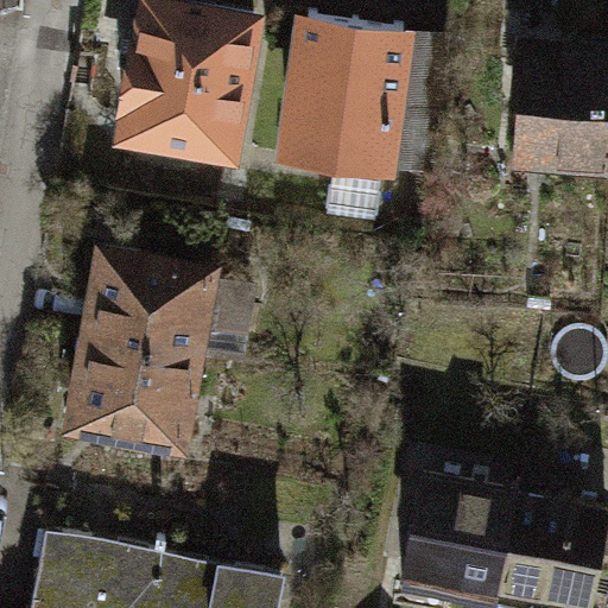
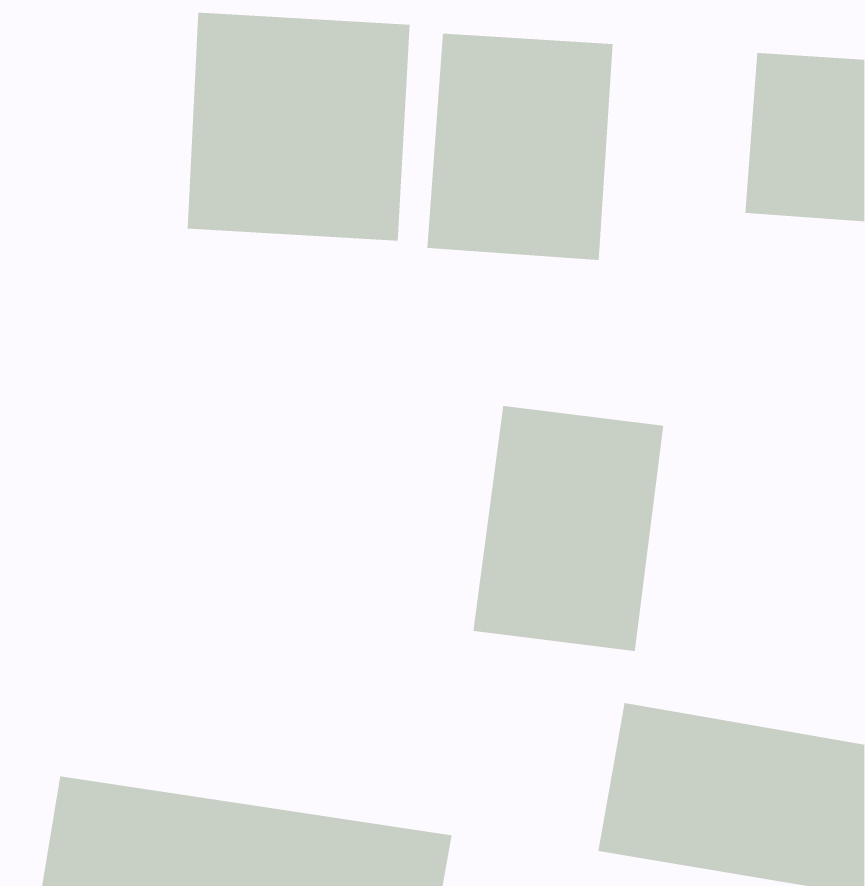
building: [75,241,233,464] -> none
building: none -> [473,405,664,652]

